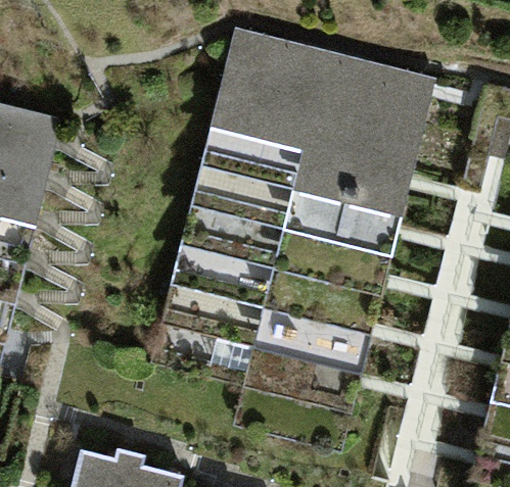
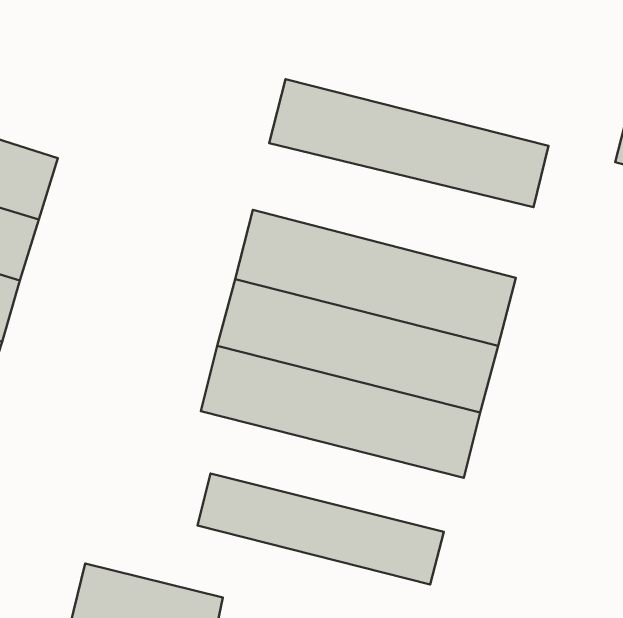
building: [223,29,434,132] -> none
building: [198,130,409,231] -> none
building: none -> [198,474,444,585]

